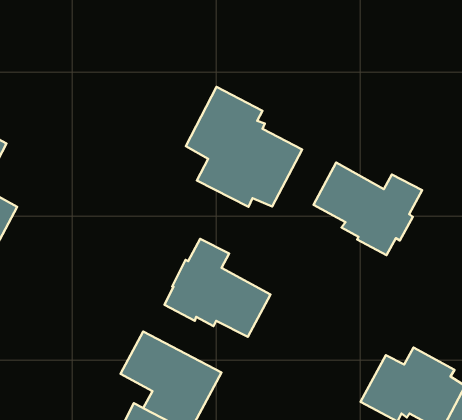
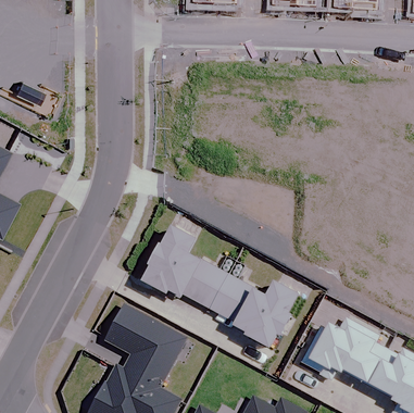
building: [186,87,302,207] -> none
building: [314,163,422,255] -> [210,274,299,350]

